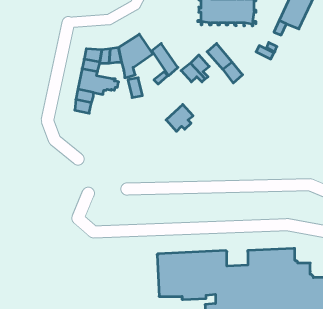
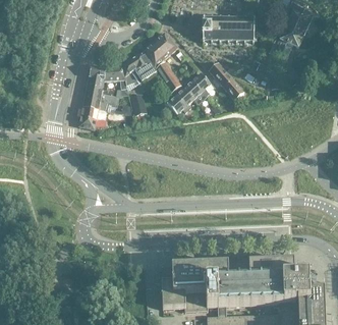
building: none -> [145,31,178,65]
building: [166,104,193,131] -> [168,86,194,112]

